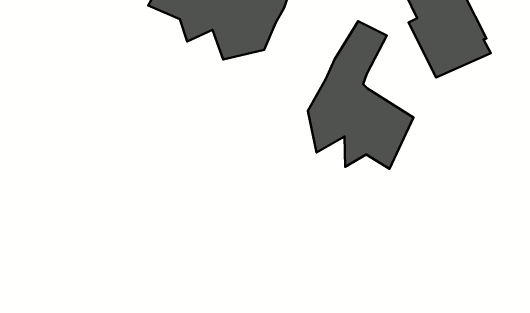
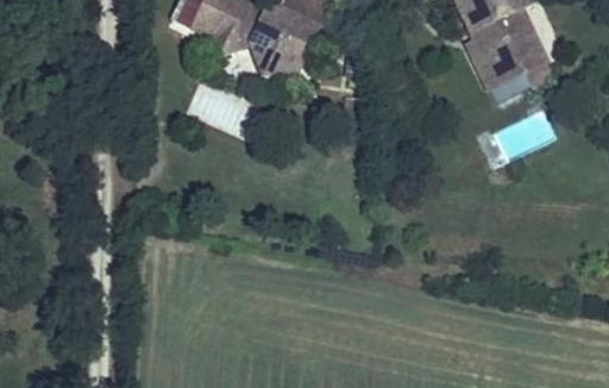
building: [308,21,414,169] -> none

